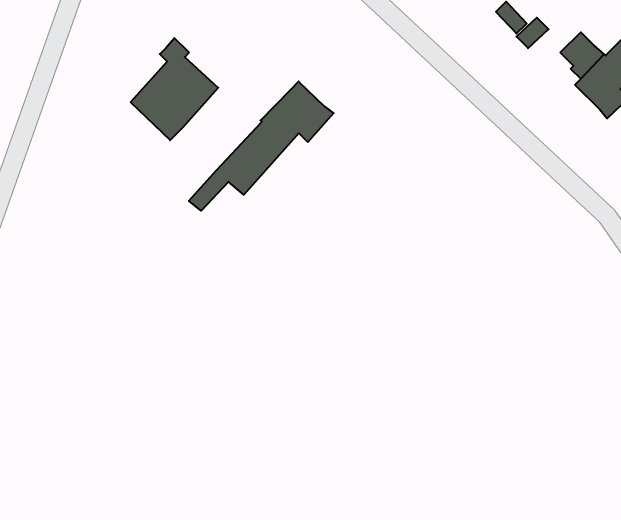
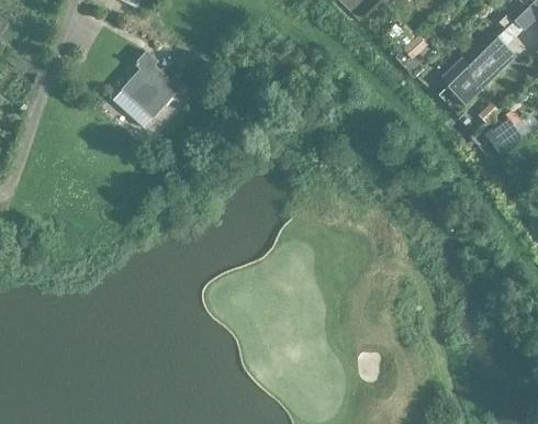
building: [189,81,334,211] -> none

